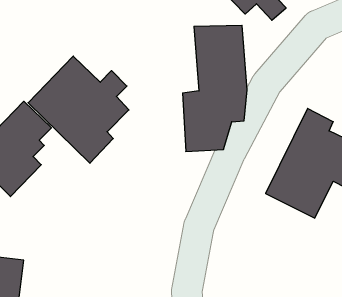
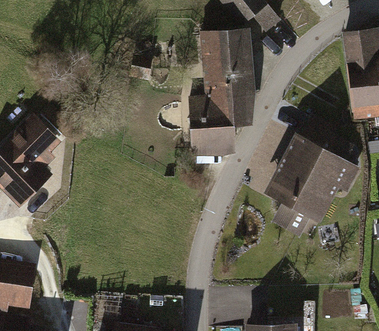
building: [28,56,129,163] -> none

